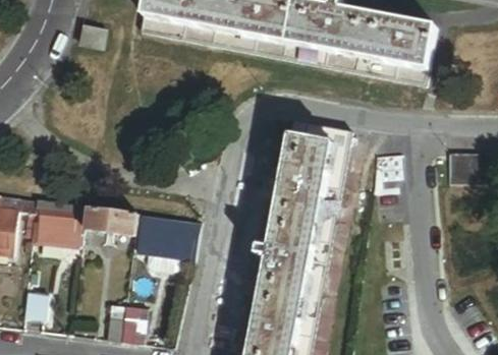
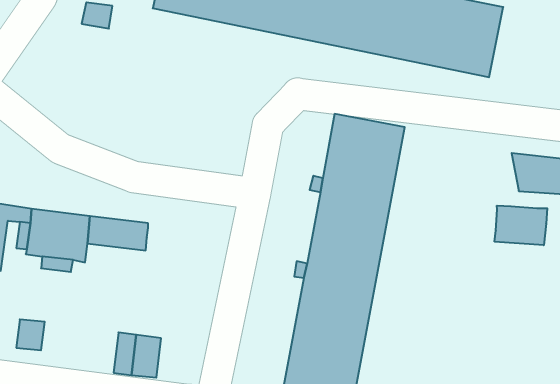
building: none -> [495,206,547,245]
building: [133,216,198,270] -> none

